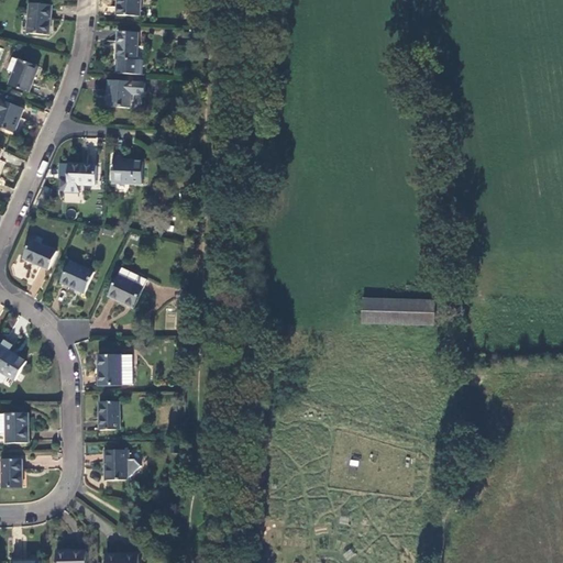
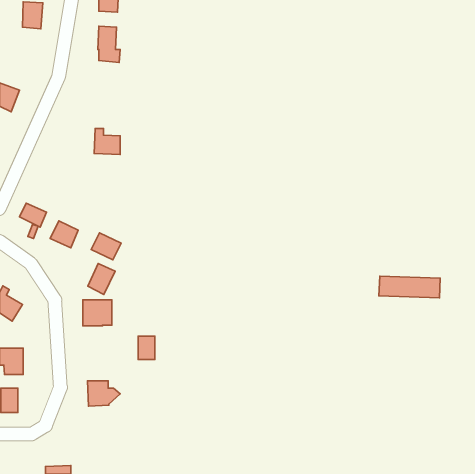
building: [8,58,37,91] -> none
building: [107,79,143,106] -> none
building: [60,163,96,191] -> none
building: [363,296,435,321] -> [379,276,440,298]
building: none -> [88,263,115,294]
building: [99,401,119,429] -> [138,336,155,360]

